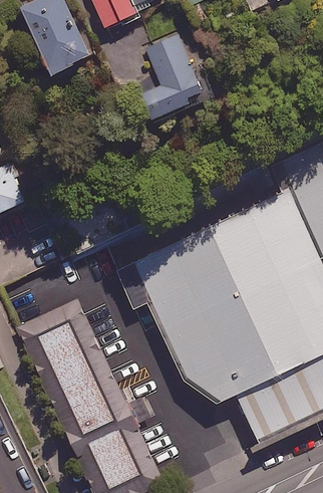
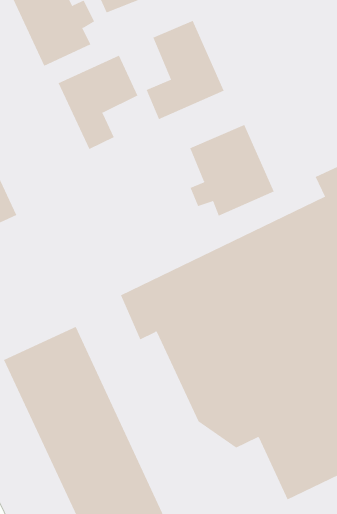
building: none -> [58,55,138,150]
building: none -> [190,124,274,216]

